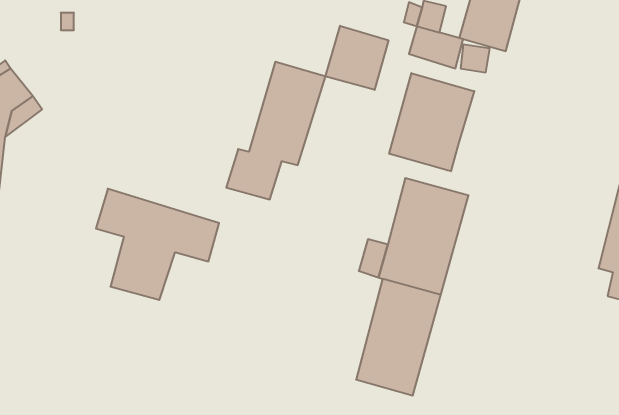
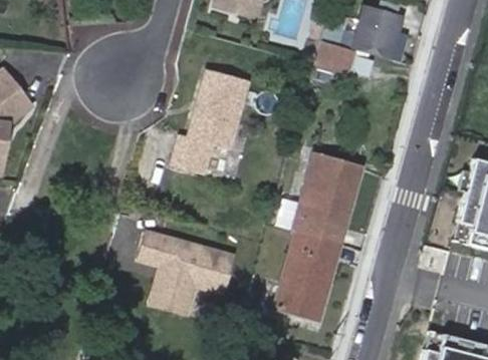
building: [326,26,388,90] -> none
building: [389,73,474,171] -> none
building: [96,189,219,300] -> [144,226,237,310]

